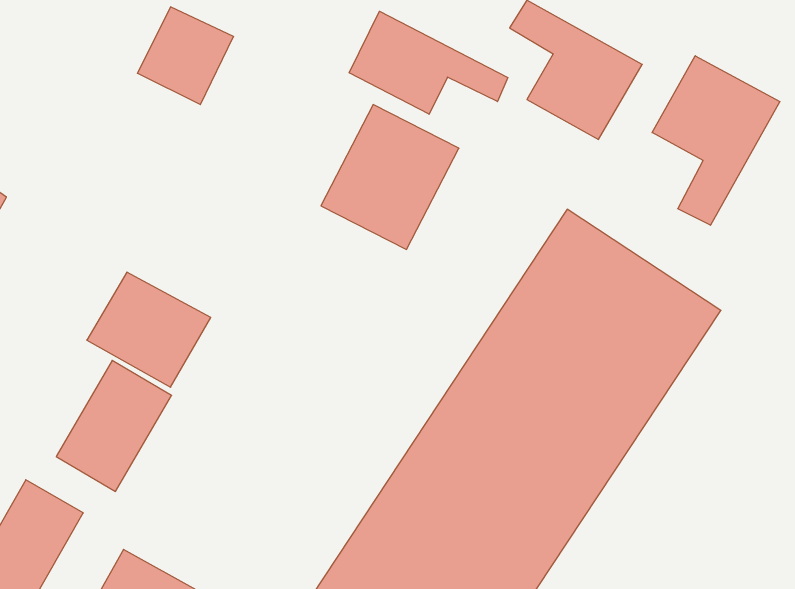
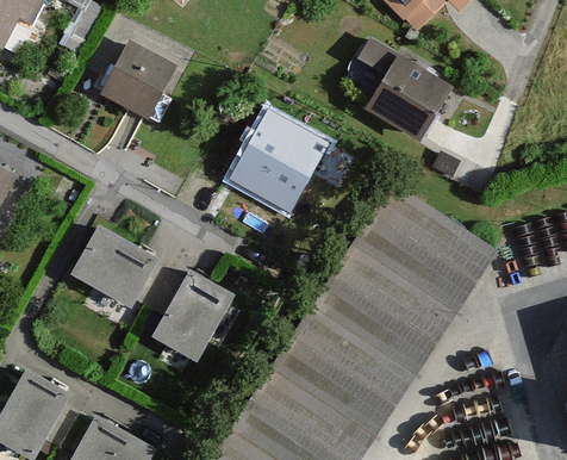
building: [349,11,508,114] -> none
building: [652,56,780,225] -> none
building: [56,360,172,491] -> [152,269,231,359]

